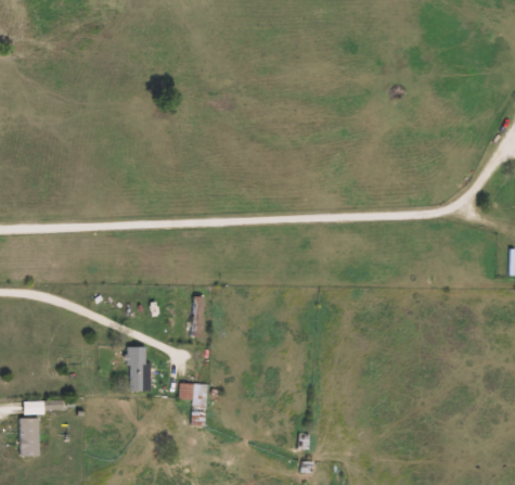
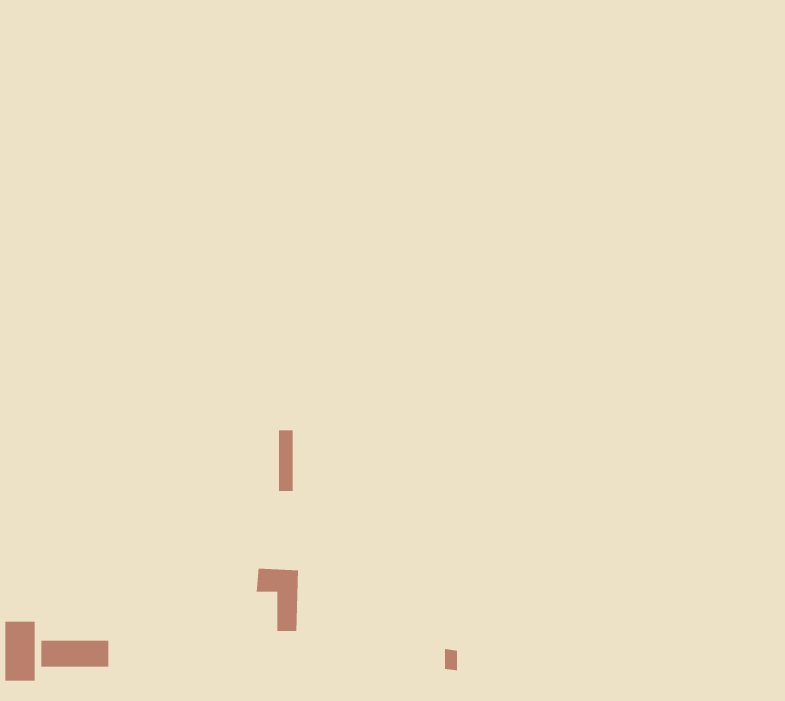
building: [129,345,150,391] -> none
building: none -> [41,640,109,667]

